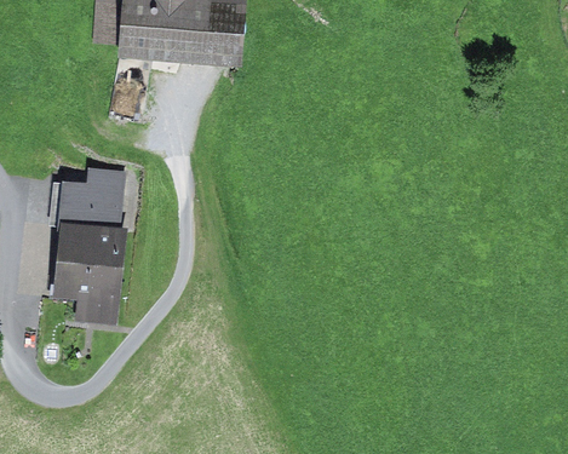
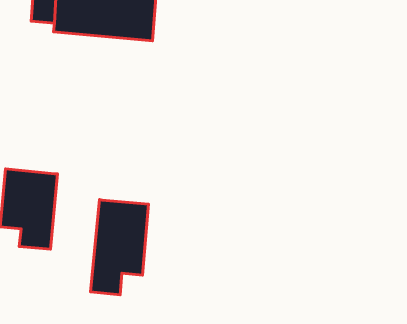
building: [59,167,126,231] -> none
building: none -> [91,200,149,295]

